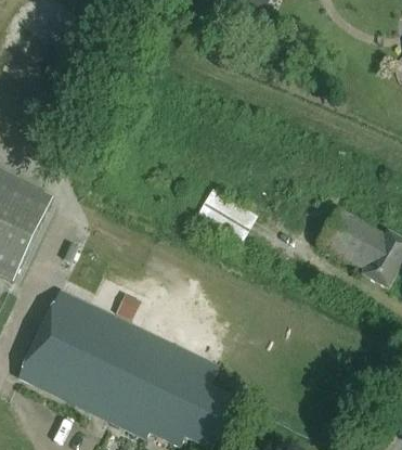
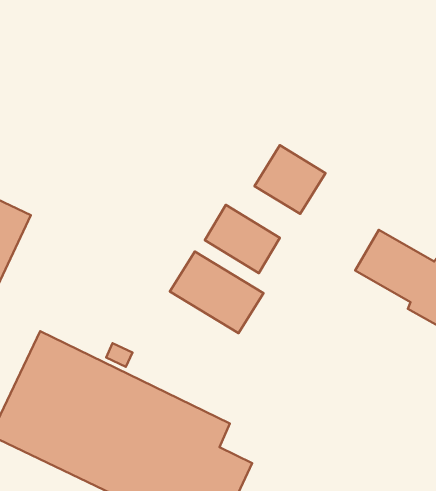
building: none -> [255,145,326,214]
building: none -> [170,251,264,333]

